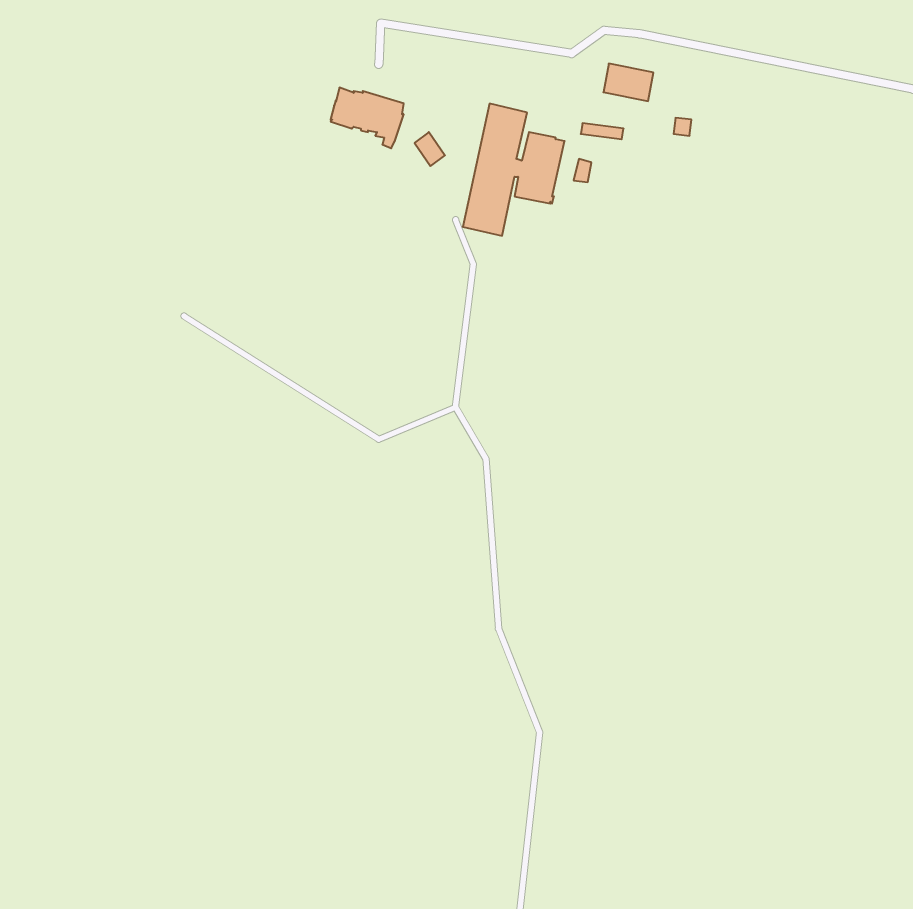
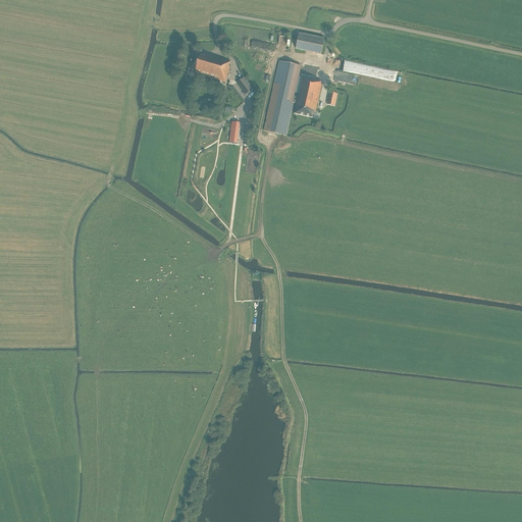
building: [603,64,653,101] -> [296,32,324,53]

